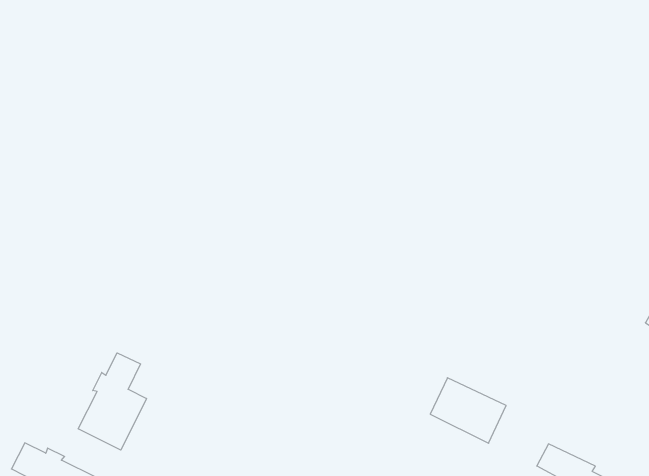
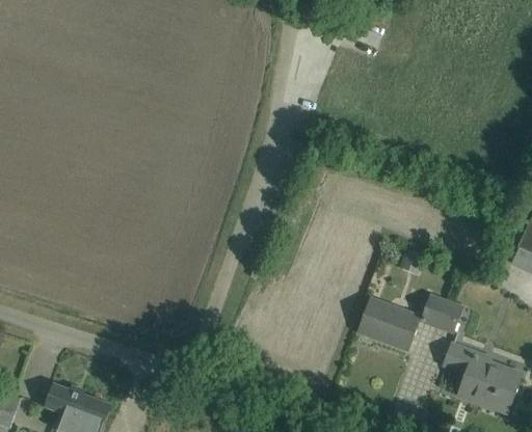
building: [78,353,146,450] -> none
building: none -> [421,295,462,333]

